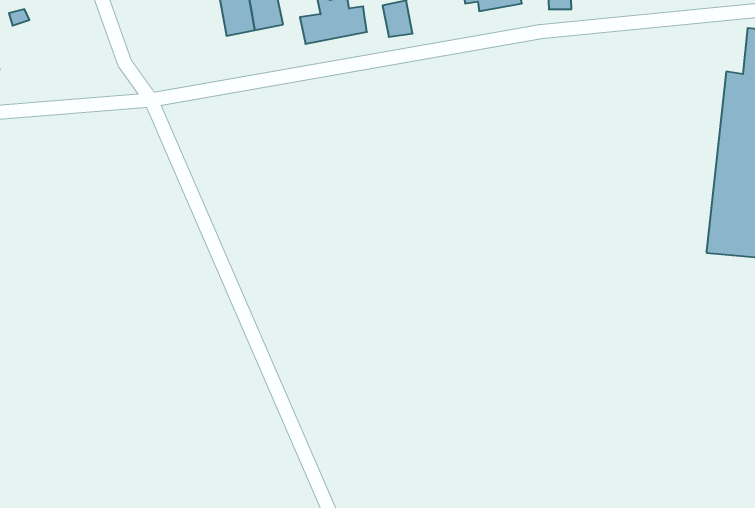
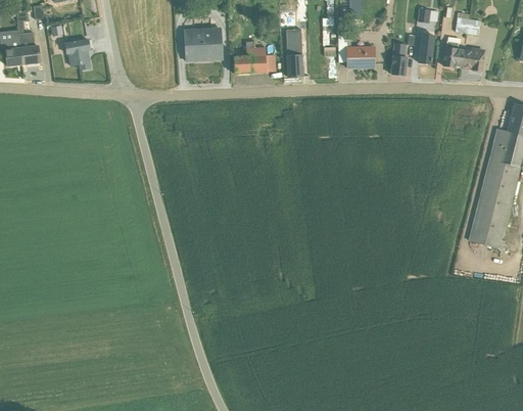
building: none -> [64,39,91,68]

